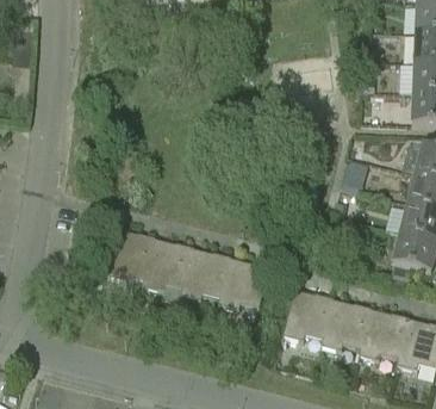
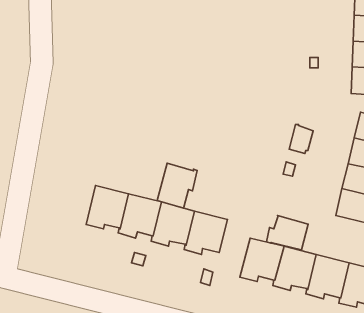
building: none -> [157,163,197,208]
building: none -> [266,216,308,250]

